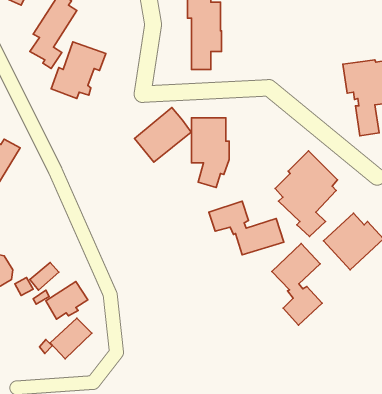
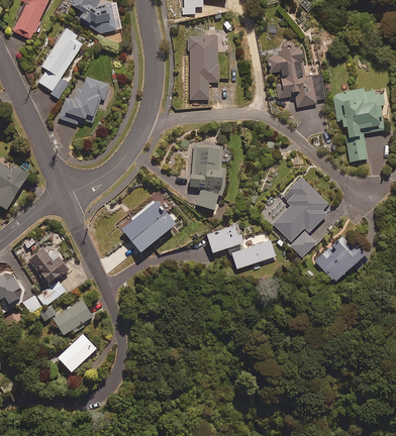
building: none -> [266,45,325,107]
building: [134,107,191,162] -> [121,199,175,250]
building: none -> [27,242,68,284]
building: [272,244,322,325] -> none

